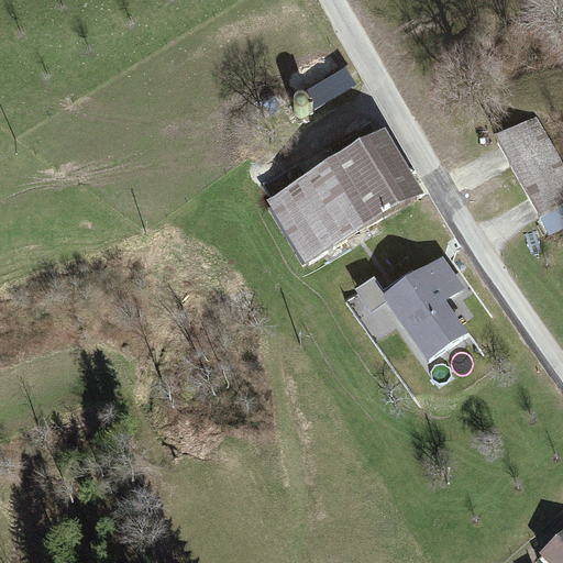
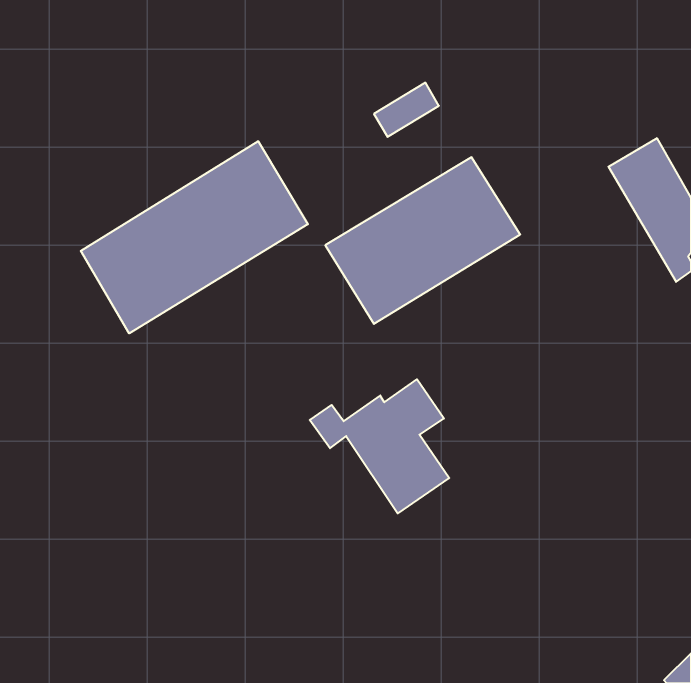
building: none -> [81,141,308,333]
building: [354,253,467,362] -> [310,379,449,513]

